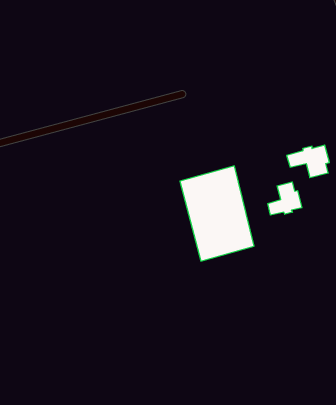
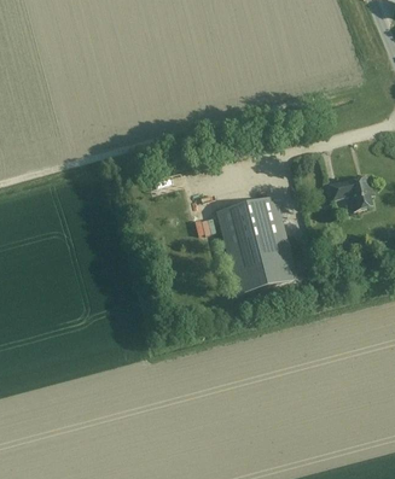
building: [268,182,302,215] -> none

